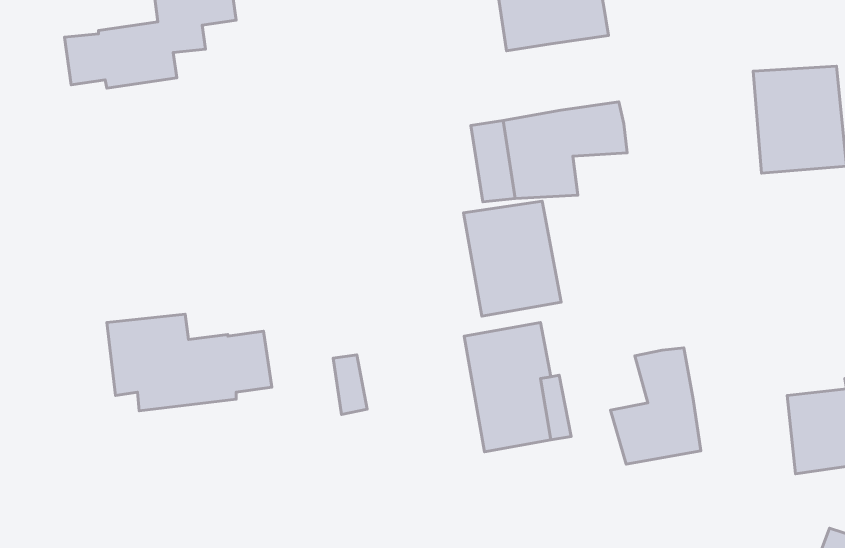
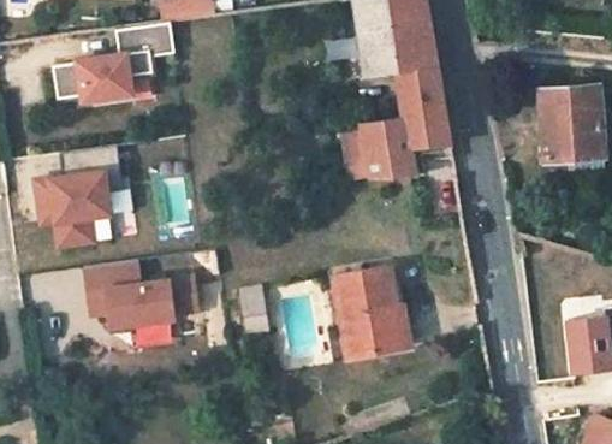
building: none -> [397,65,445,118]
building: none -> [31,166,113,251]
building: [463,201,561,316] -> none
building: [611,348,701,464] -> none

